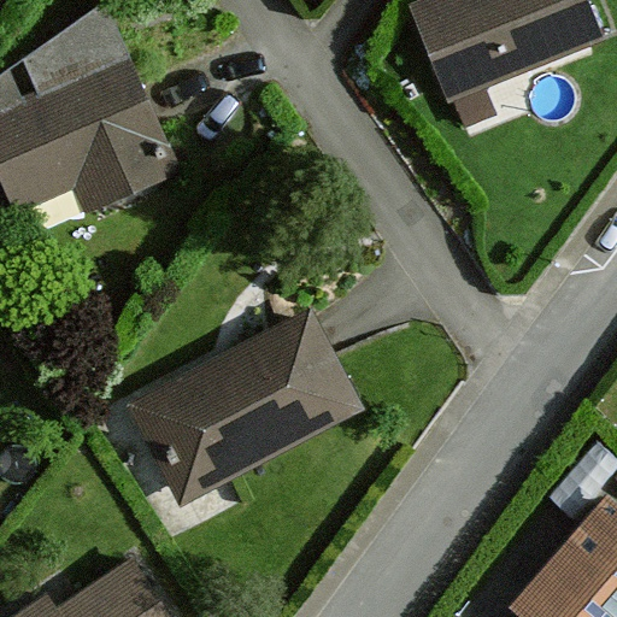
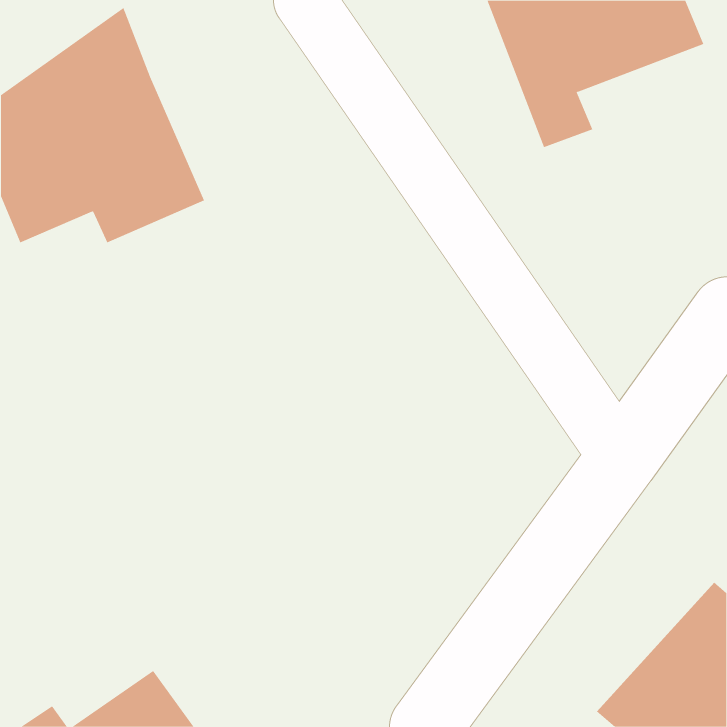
building: [133,307,359,499] -> none

